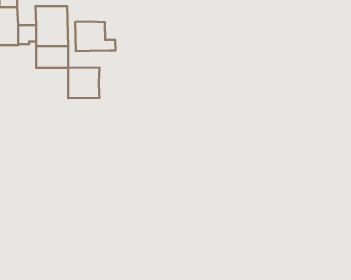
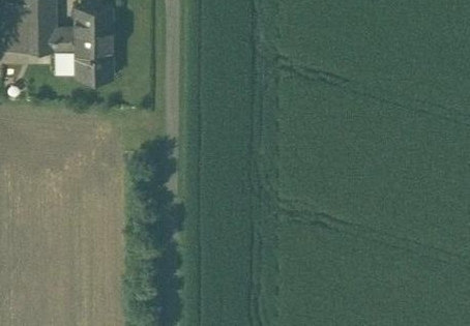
building: [75,22,115,51] -> none
building: [68,67,99,98] -> none

